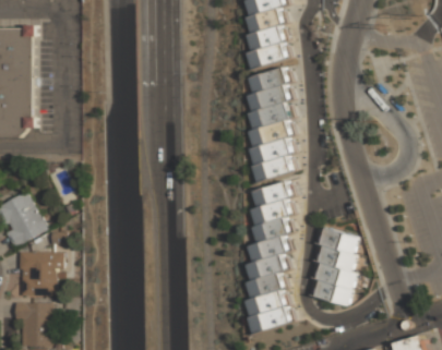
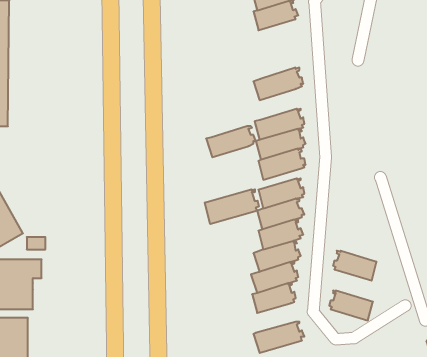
building: [247,43,288,70] -> none
building: [249,67,289,94] -> none
building: [248,102,291,130] -> [206,126,256,157]
building: none -> [205,189,259,224]
building: [318,228,356,253] -> none
building: [314,262,356,289] -> none
building: [244,290,286,316] -> none

